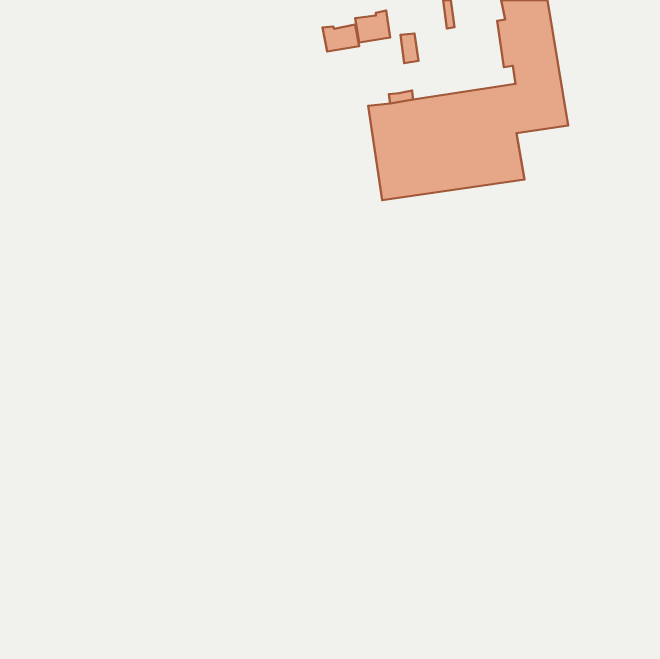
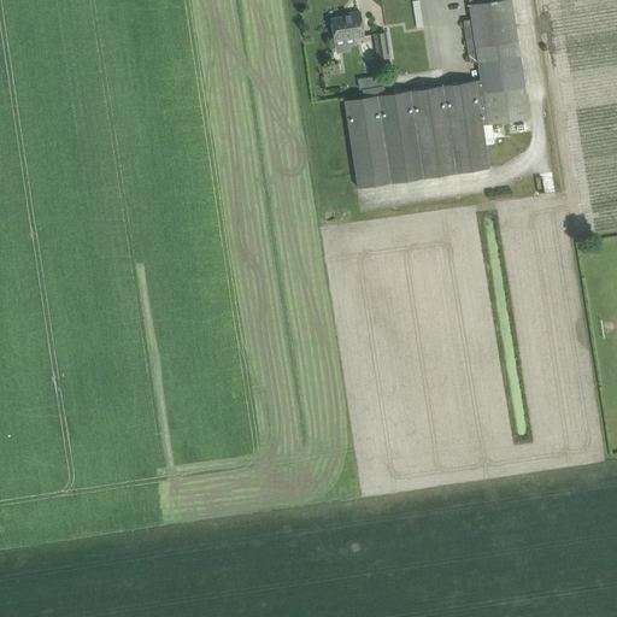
building: [322,24,359,51] -> none

